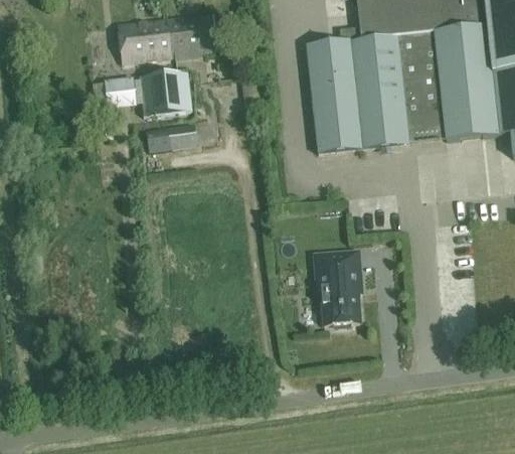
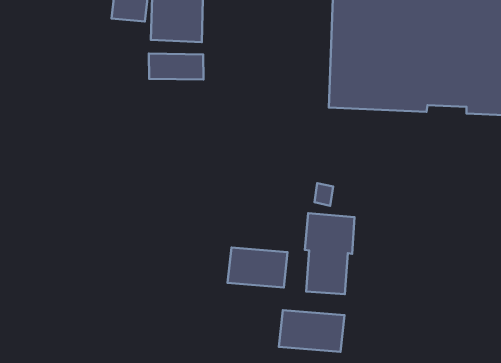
building: none -> [228,247,288,288]
building: none -> [279,310,345,352]

